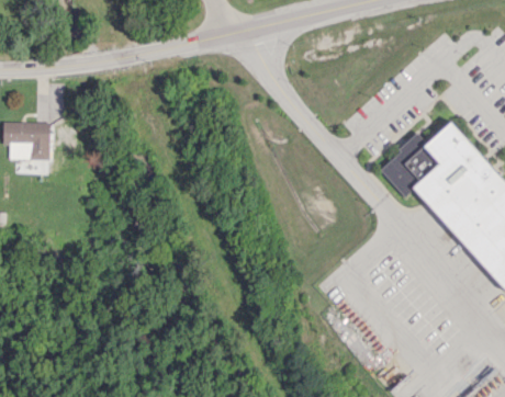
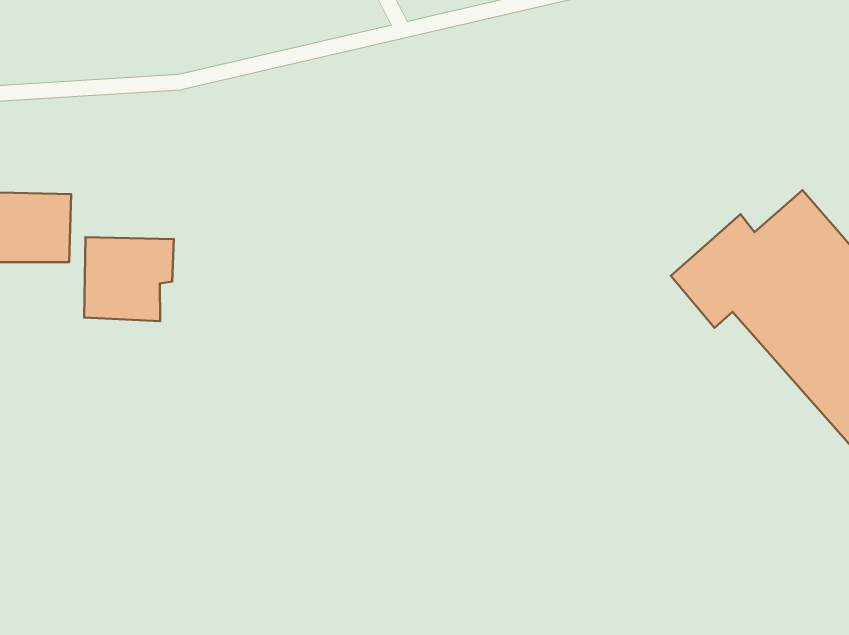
building: none -> [84,237,174,321]

